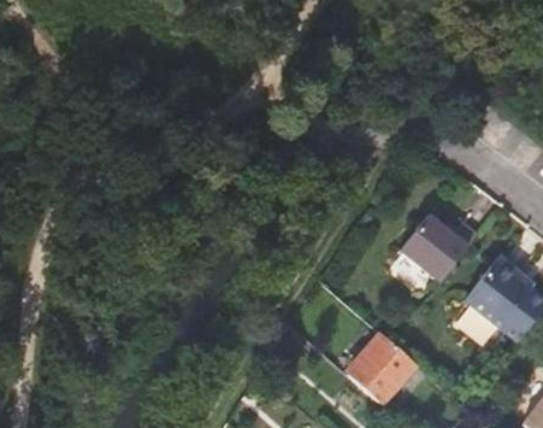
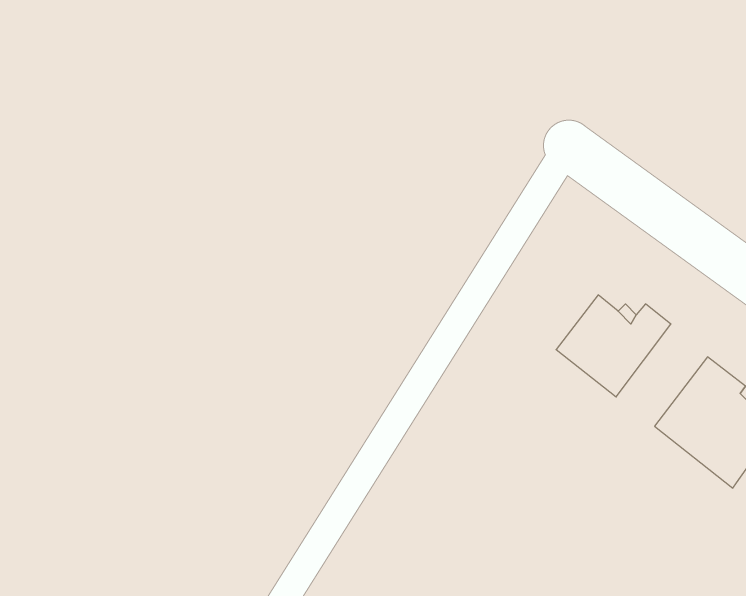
building: [344,332,415,403] -> none

